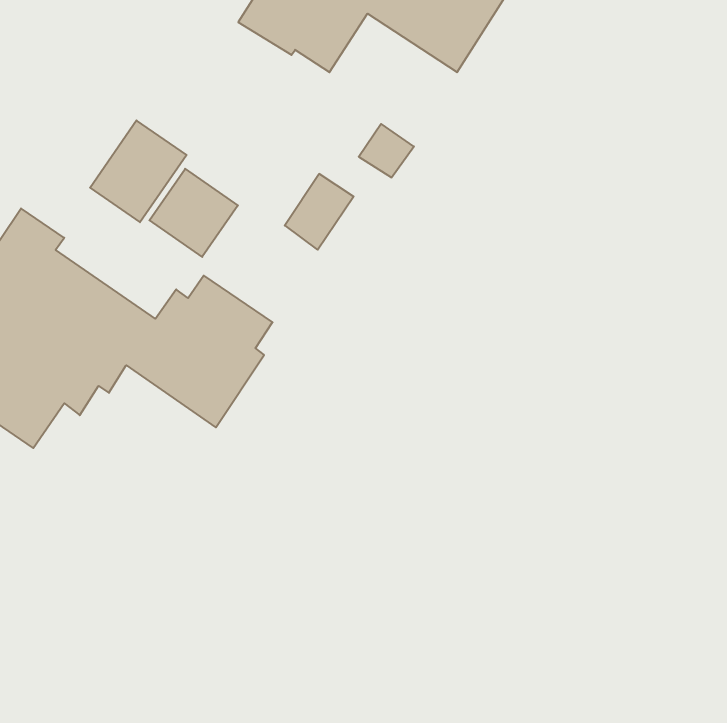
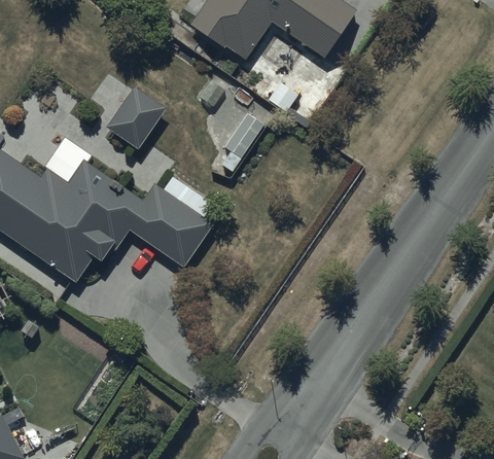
building: [149,169,238,257] -> none

